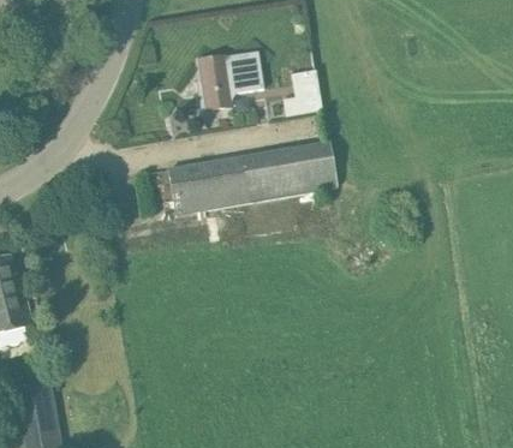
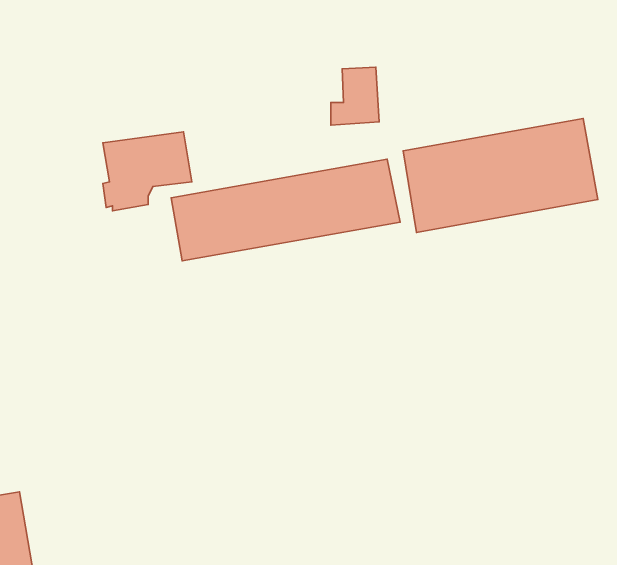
building: [197,52,263,110] -> [103,132,192,211]
building: none -> [403,119,598,232]

